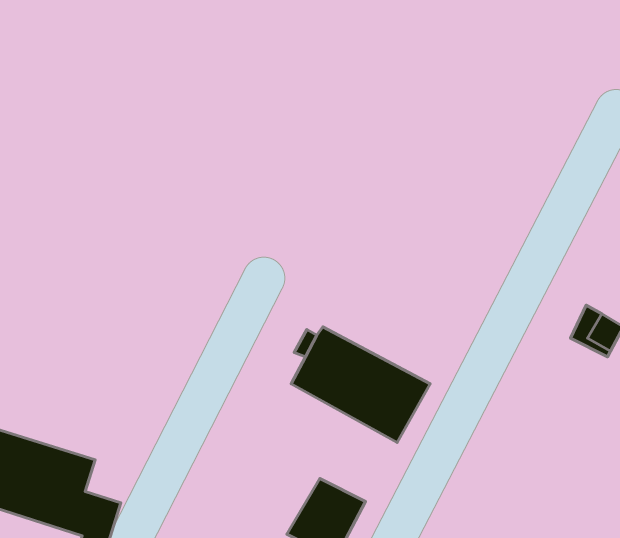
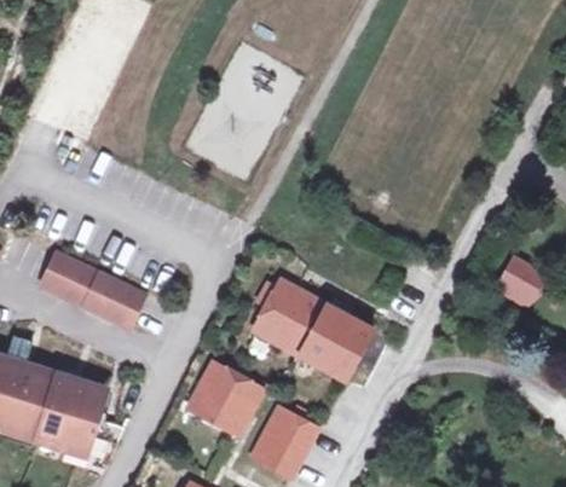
building: none -> [36,250,140,326]
building: none -> [190,359,264,431]

